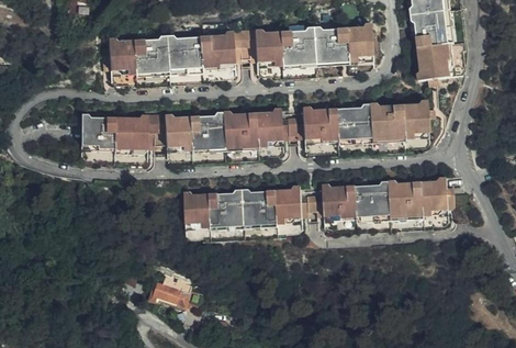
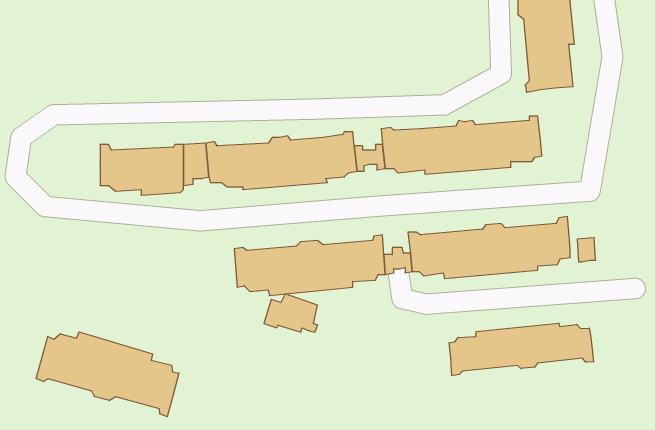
building: [109,18,369,78] -> none
building: none -> [449,323,594,376]
building: none -> [36,332,179,417]
building: [150,278,192,307] -> [264,294,318,332]

